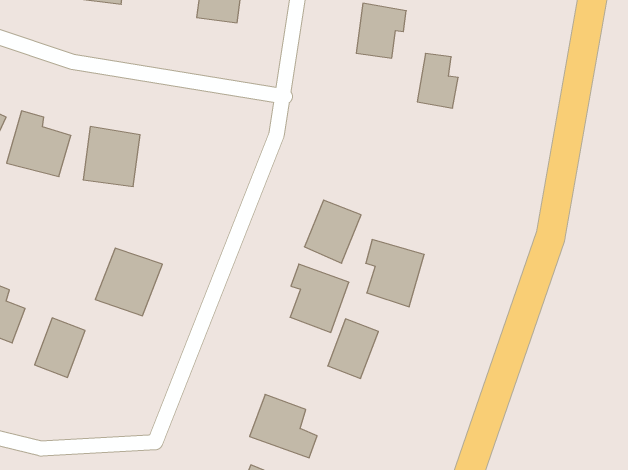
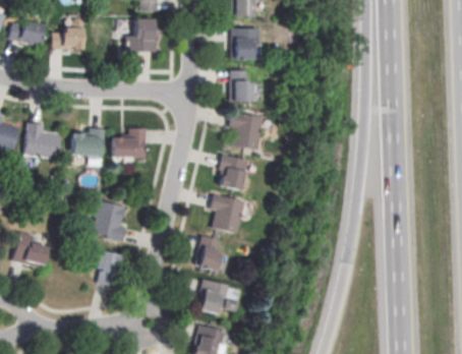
building: [417,53,458,108] -> [230,71,253,103]
building: none -> [113,127,147,157]
building: [366,240,424,307] -> [230,113,266,152]
building: [35,318,85,377] -> [94,250,122,286]
building: [328,319,378,378] -> [194,235,223,271]

